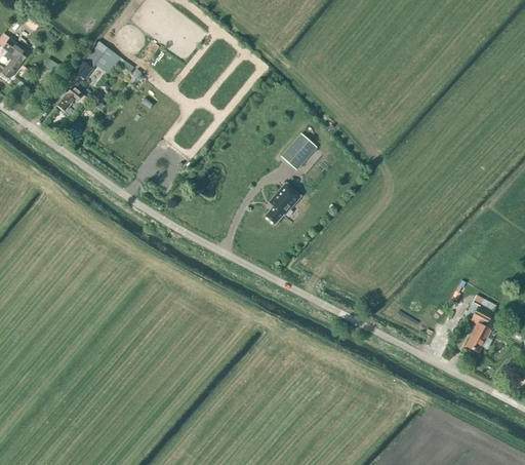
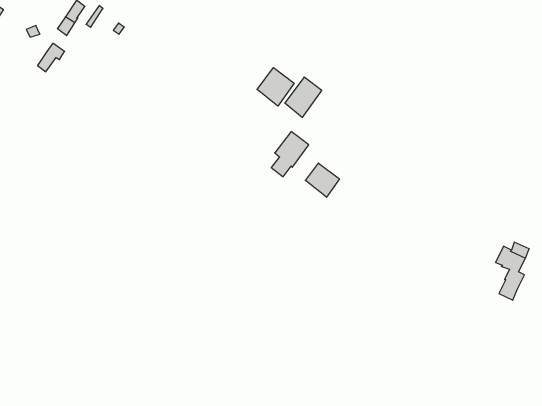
building: none -> [257,68,294,106]
building: none -> [305,163,339,197]

